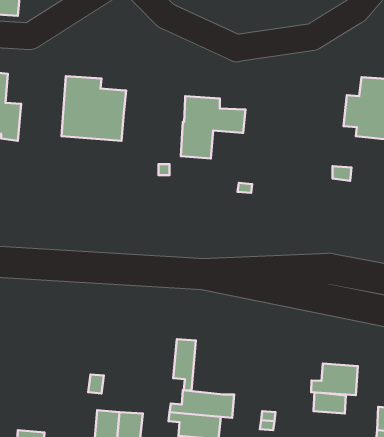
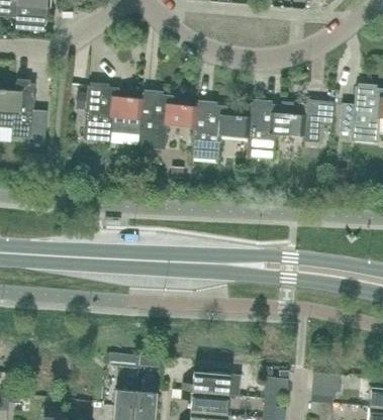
building: none -> [137,93,196,149]
building: none -> [247,100,333,159]
building: [173,339,196,390] -> none
building: [311,364,358,395] -> none

